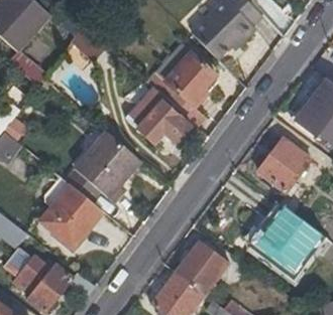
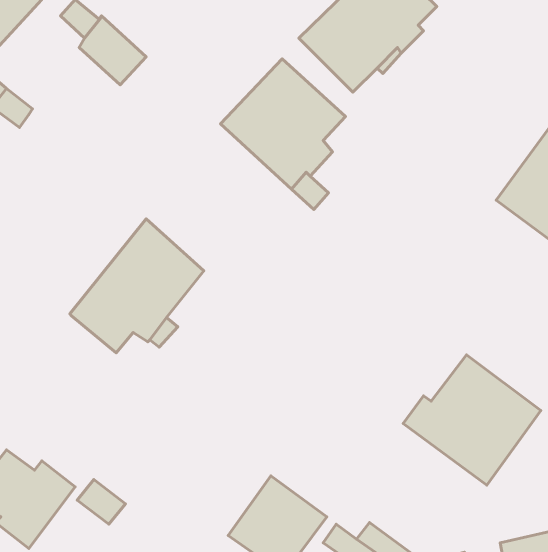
building: [135,102,191,146] -> none
building: [257,139,309,192] -> none
building: [38,183,98,245] -> none
building: [174,238,228,292] -> none

